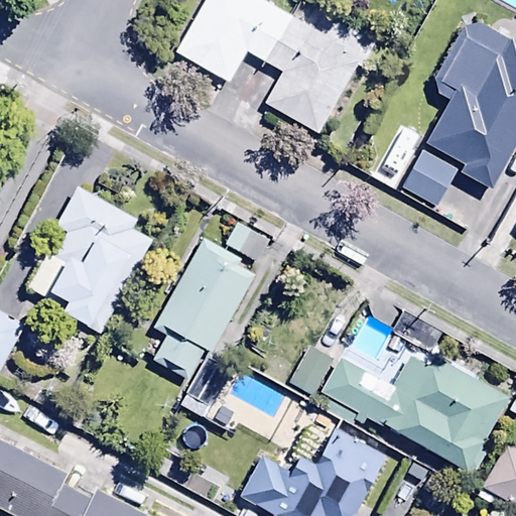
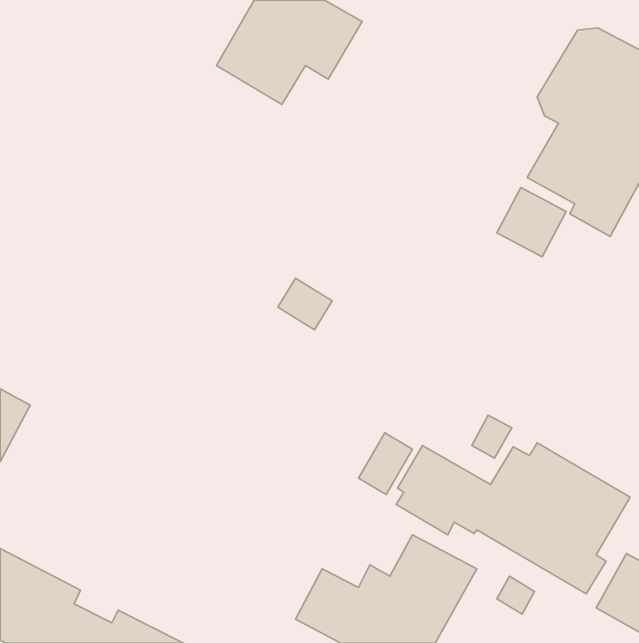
building: [266,17,361,135] -> none
building: [26,185,154,336] -> none
building: [152,238,256,381] -> none

